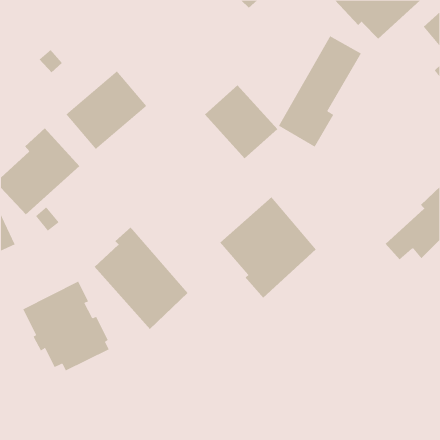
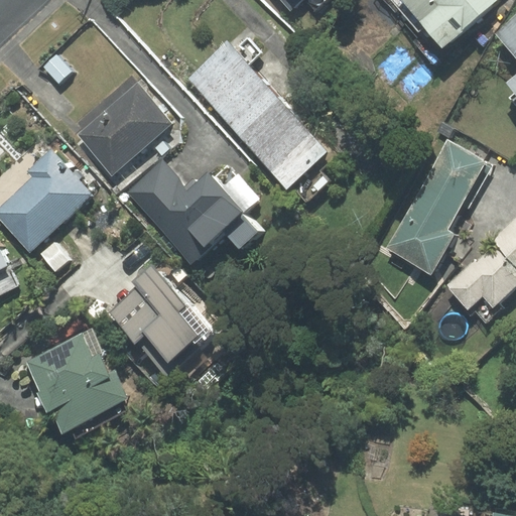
building: none -> [187,38,278,134]
building: [278,36,362,147] -> [387,142,485,273]
building: none -> [127,159,260,264]
building: [220,196,317,299] -> none

